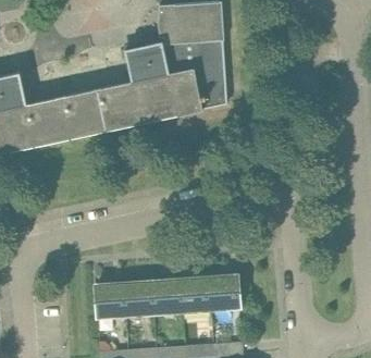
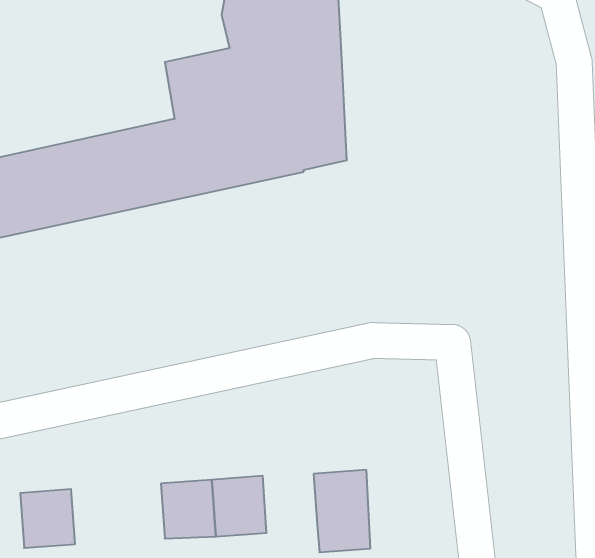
building: [180,277,210,310] -> none
building: [95,283,125,316] -> [20,489,75,548]

